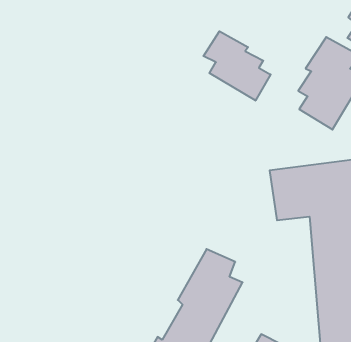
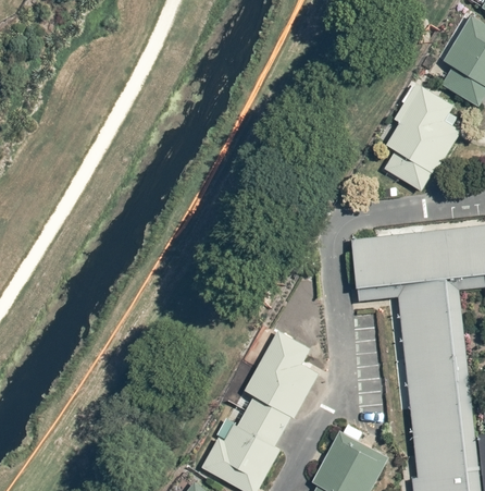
building: [203,31,271,101] -> none

